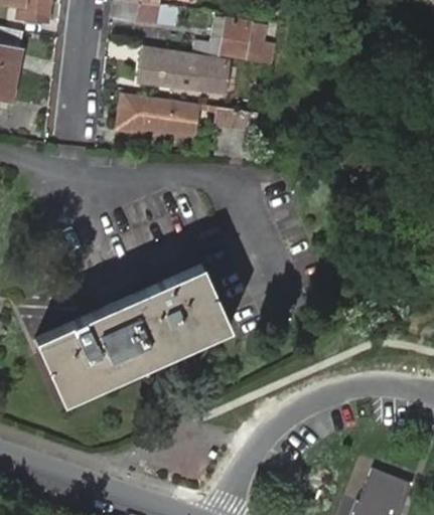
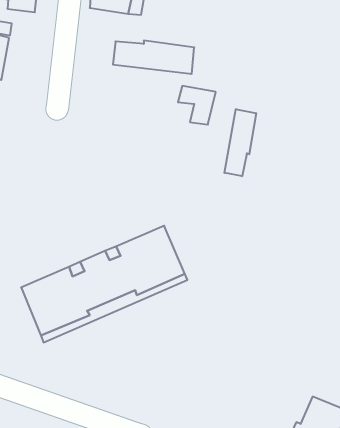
building: [196,17,277,63] -> none
building: [119,93,199,136] -> none
building: none -> [224,109,256,176]

